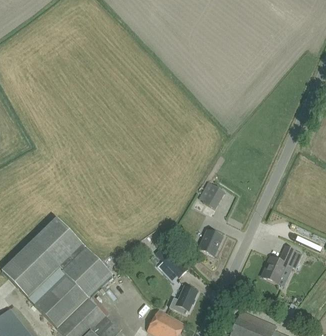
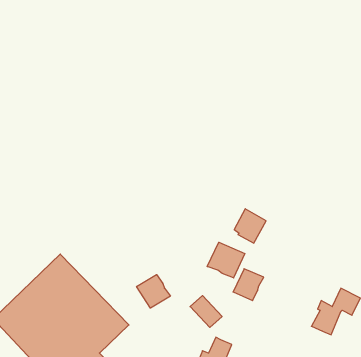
building: none -> [207,242,245,278]
building: none -> [137,275,170,308]

